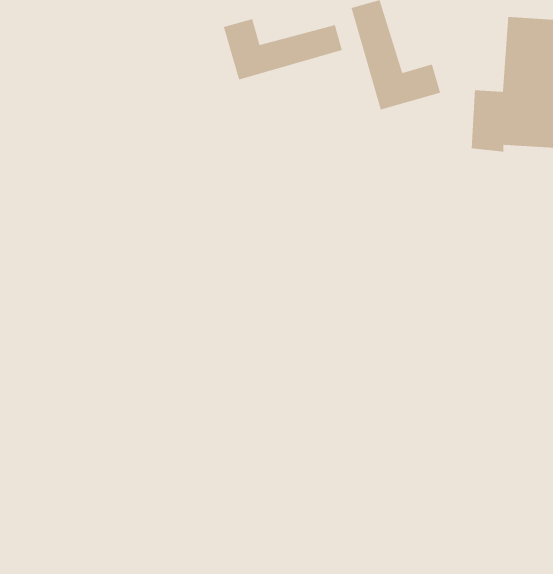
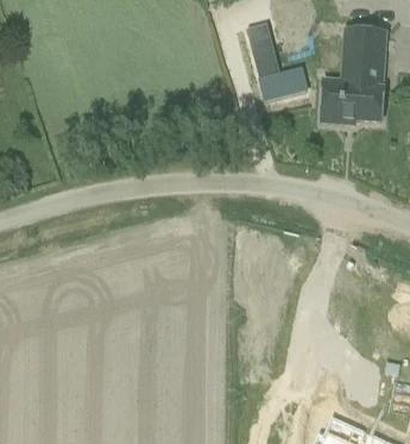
building: [223,18,343,80] -> none

